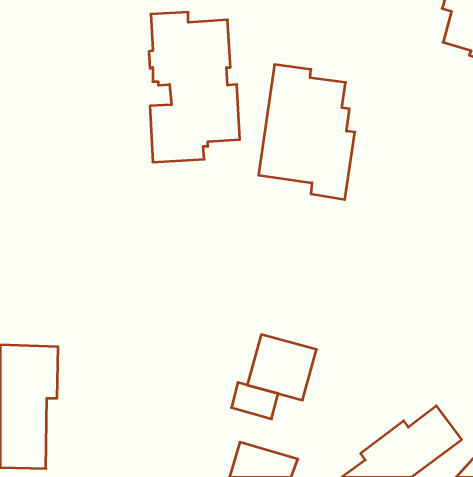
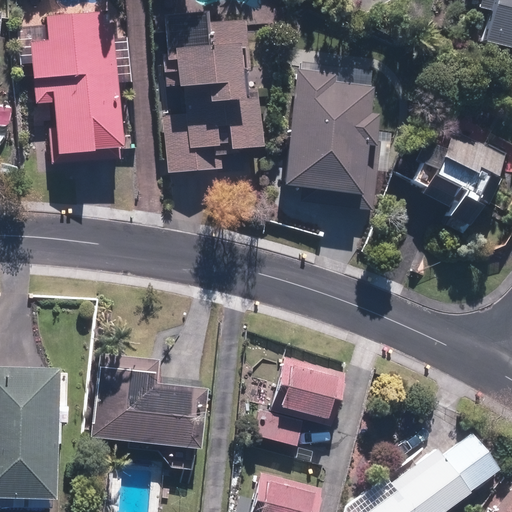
building: none -> [34,13,122,157]
building: none -> [412,130,506,235]
building: none -> [90,354,207,451]

